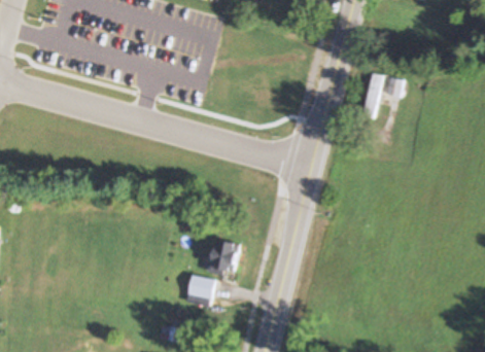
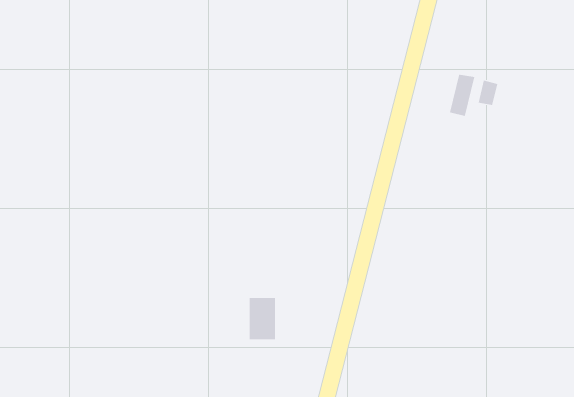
building: [186,274,214,298] -> none

